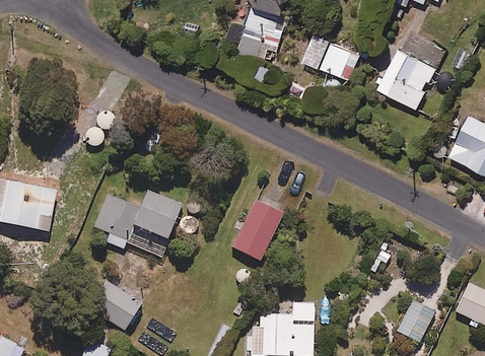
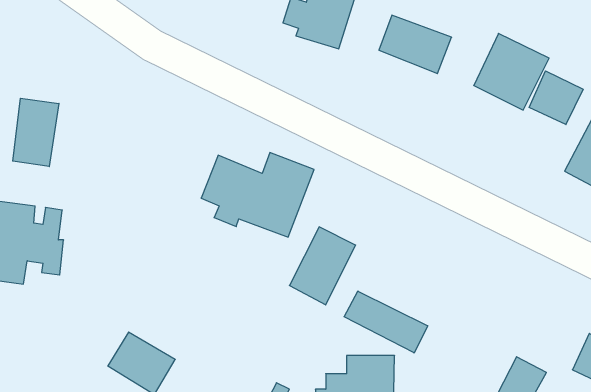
building: none -> [529,71,583,125]
building: none -> [13,98,59,167]
building: [94,191,183,257] -> [201,153,314,237]
building: none -> [344,291,428,353]

